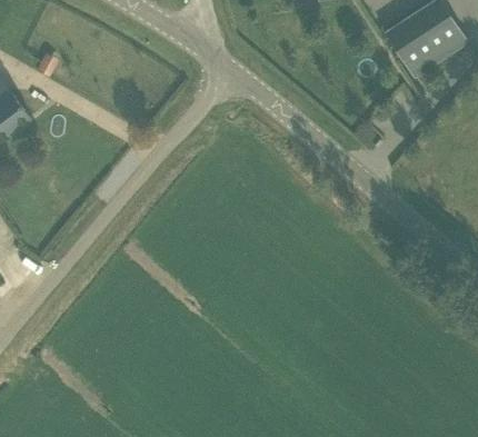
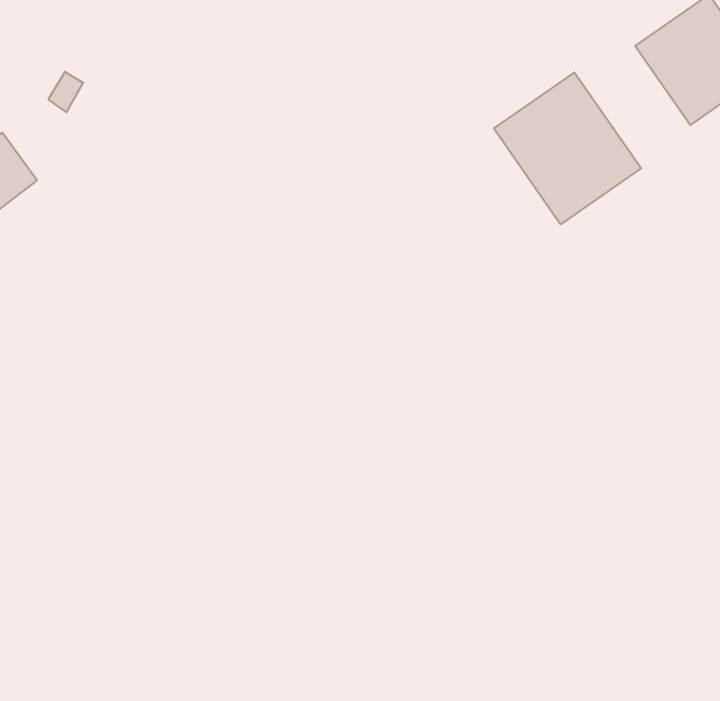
building: none -> [494,72,641,224]

